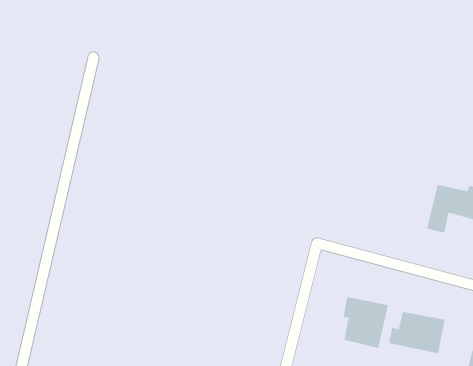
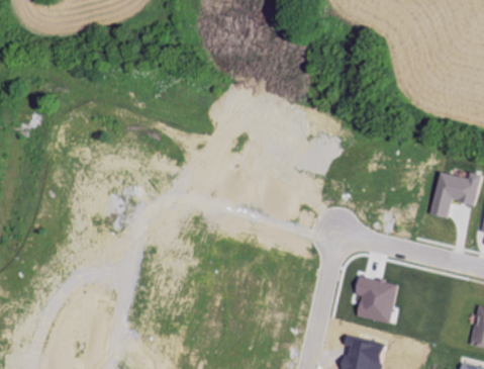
building: [388,311,445,354] -> none

